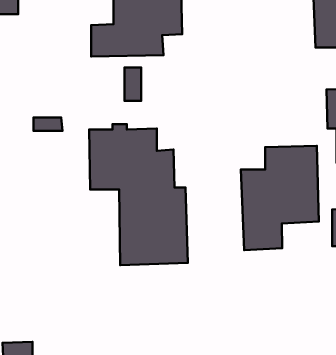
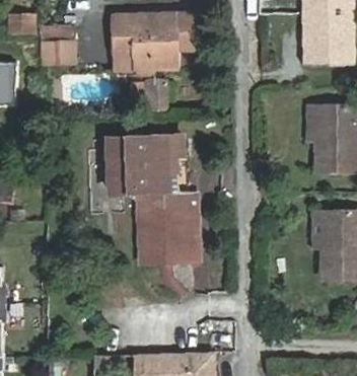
building: none -> [42,40,74,67]
building: [241,146,319,250] -> none

